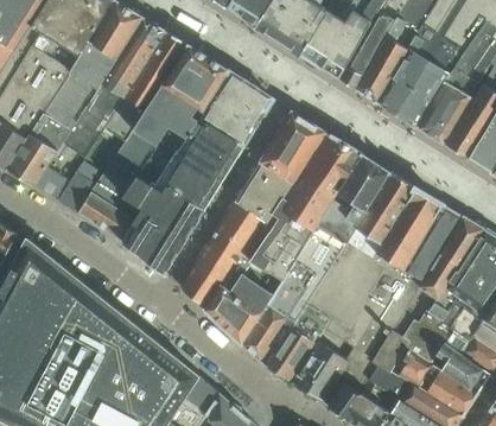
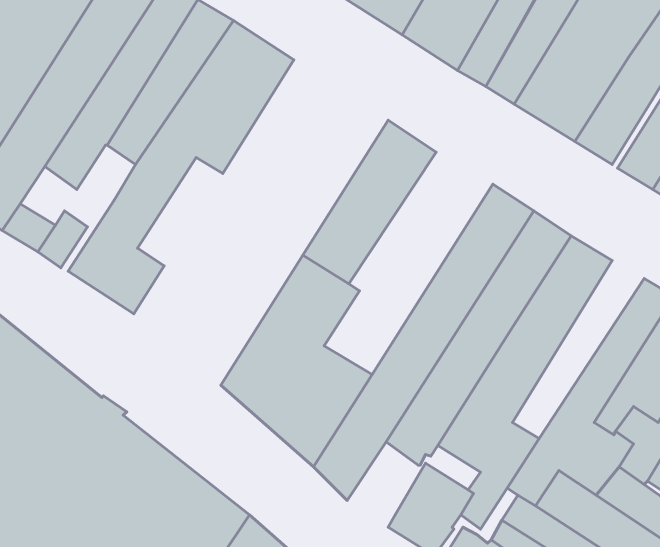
building: [122,72,273,275] -> none
building: [249,133,362,282] -> none
building: [375,206,462,325] -> none
building: [265,328,312,382] -> none

